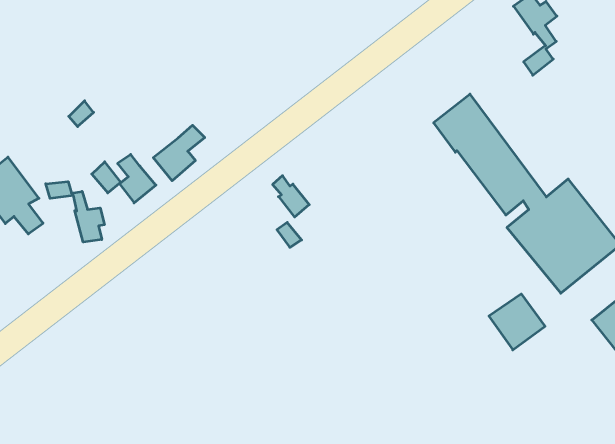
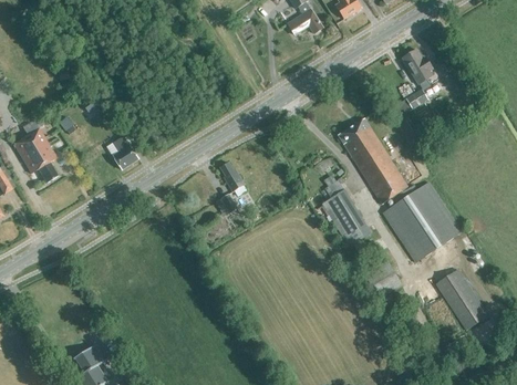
building: [153,125,205,181] -> none
building: [46,182,104,242] -> none
building: none -> [322,188,371,243]

